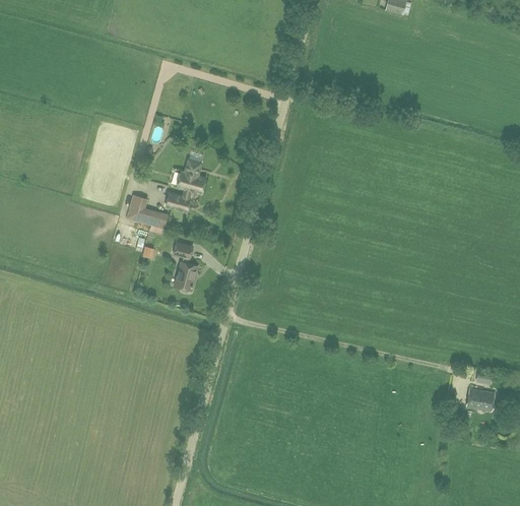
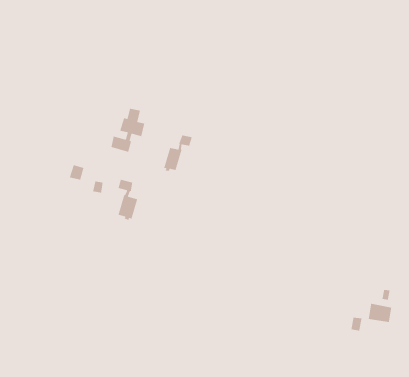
building: none -> [163,135,193,171]
building: [126,194,169,228] -> none

